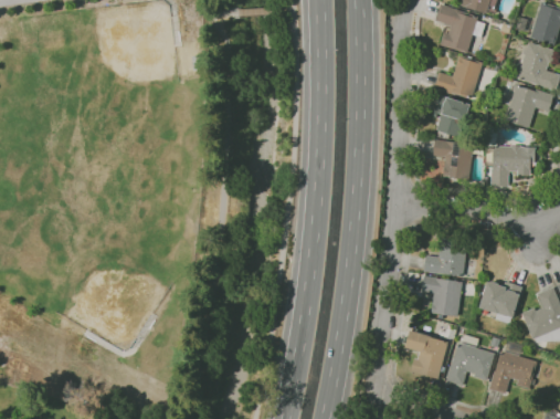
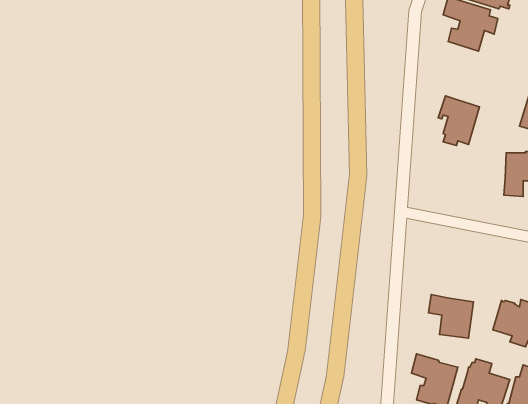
building: [432,55,482,98] -> none
building: [431,139,472,179] -> none
building: [423,237,467,275] -> none

